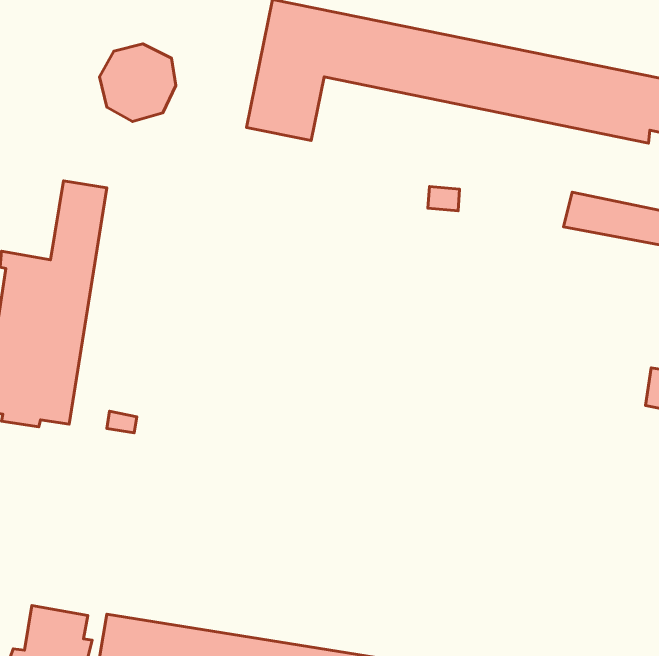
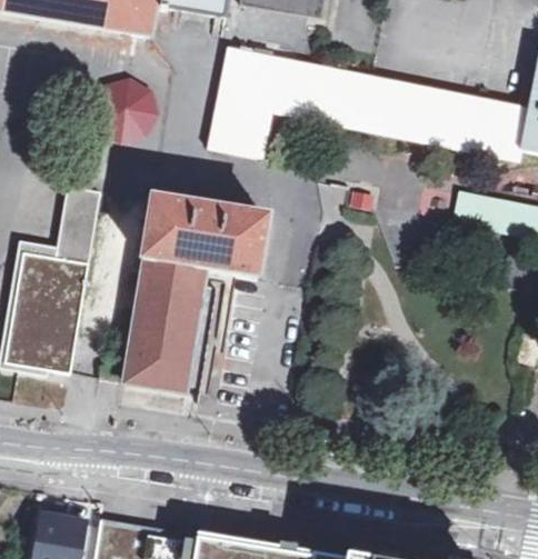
building: none -> [124,199,266,391]

